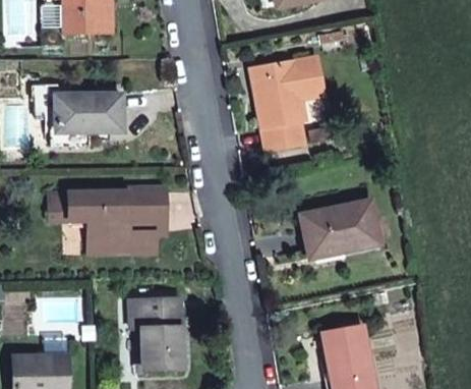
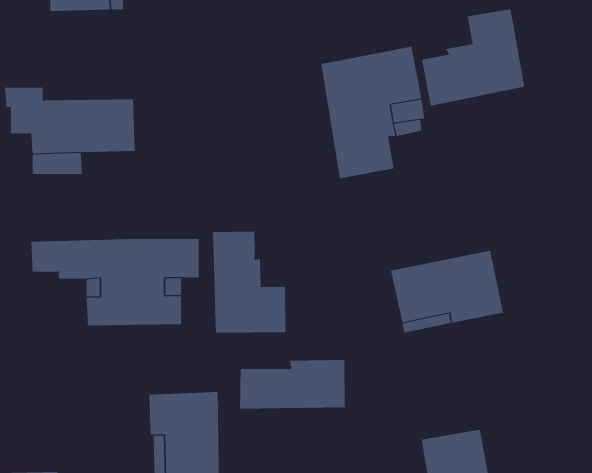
building: none -> [422,8,525,107]
building: none -> [212,231,286,334]
building: none -> [240,359,345,409]

